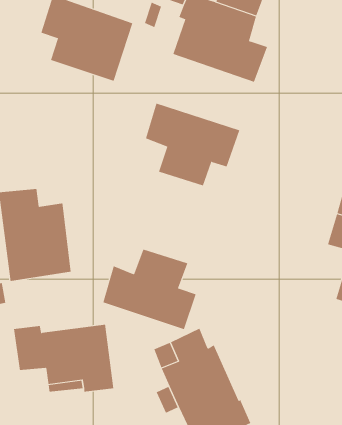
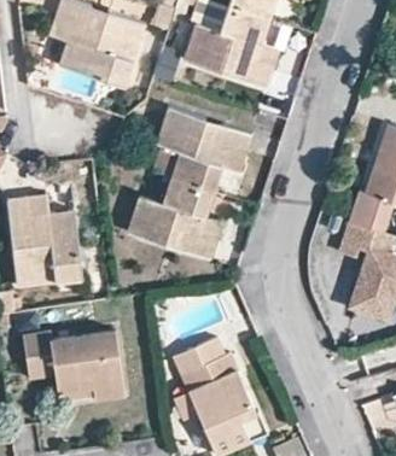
building: [103,249,197,330] -> [128,177,223,259]

